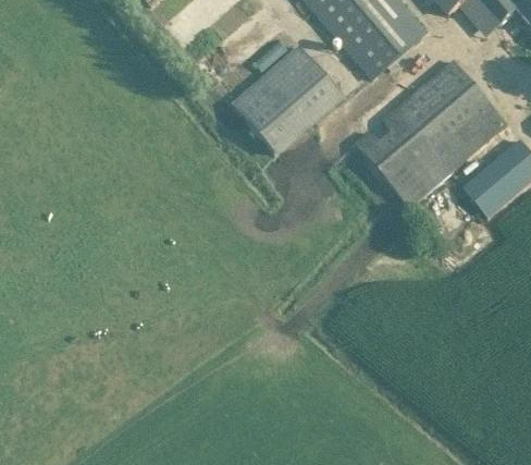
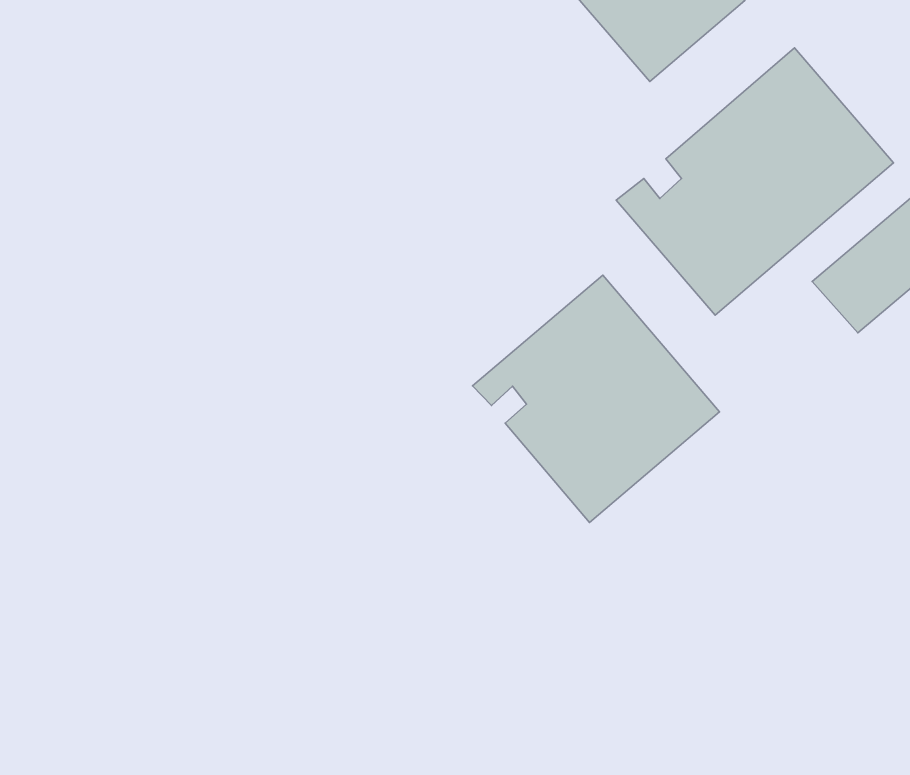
building: [231,45,343,158] -> none
building: none -> [473,275,720,522]

